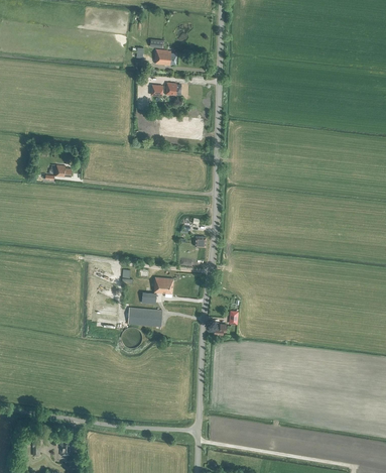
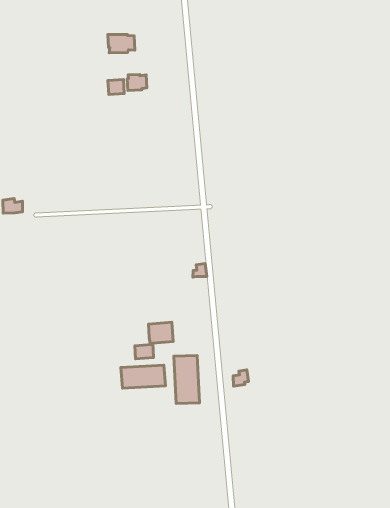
building: none -> [174,355,200,403]

